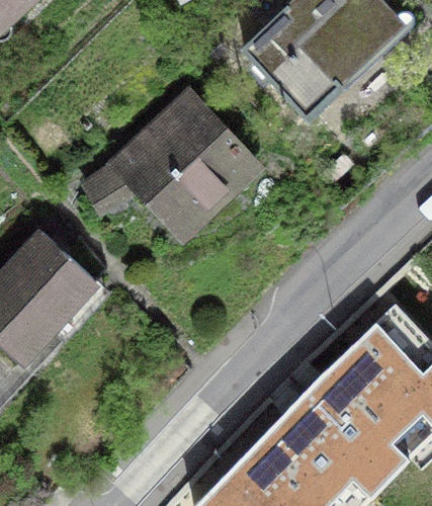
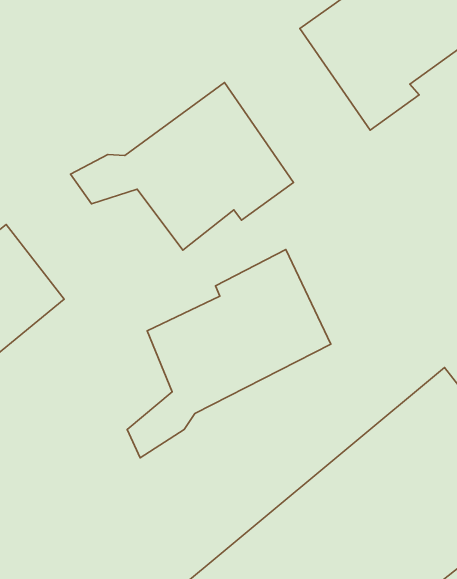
building: none -> [127,250,331,458]

